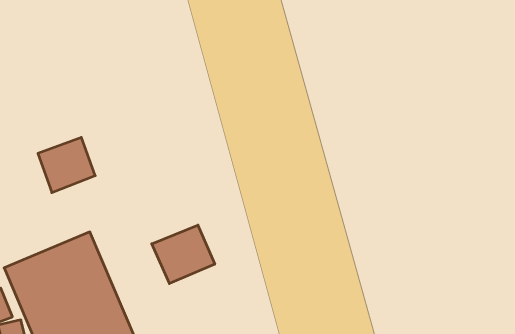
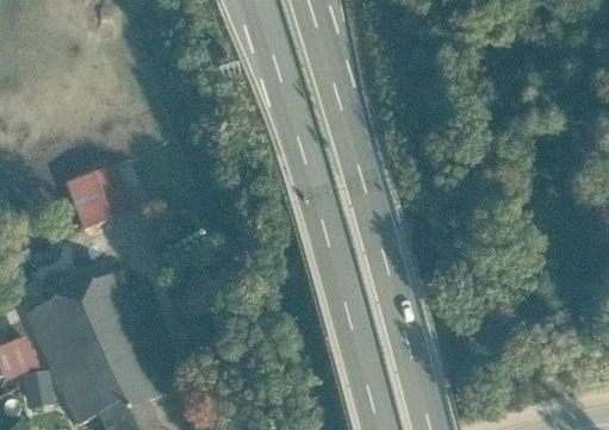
building: [152,225,215,284] -> none

